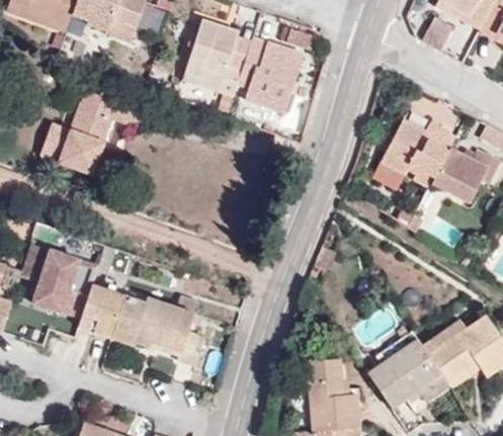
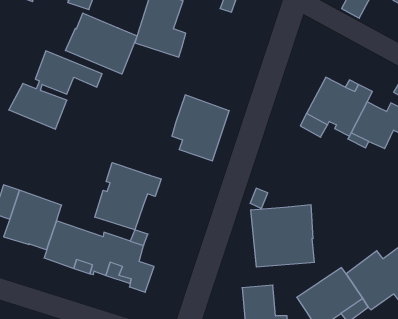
building: [237,35,303,111] -> [172,95,229,161]
building: none -> [65,13,137,74]
building: none -> [95,163,161,230]
building: none -> [251,205,314,267]

